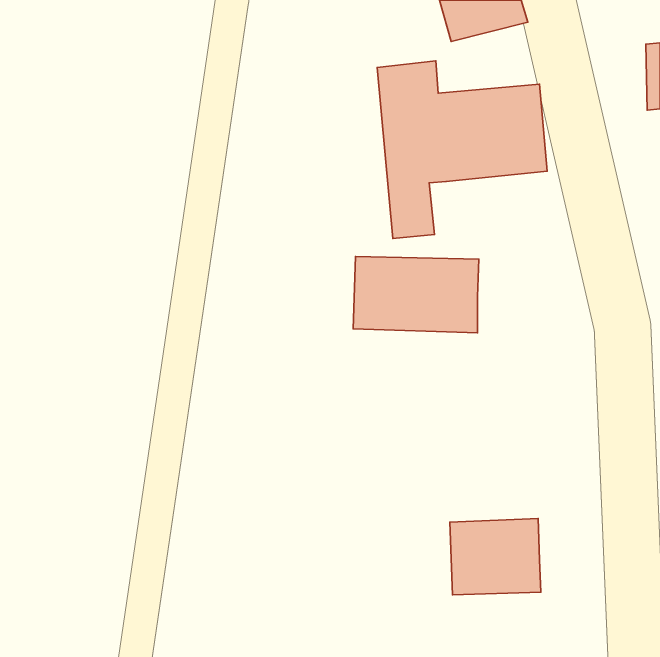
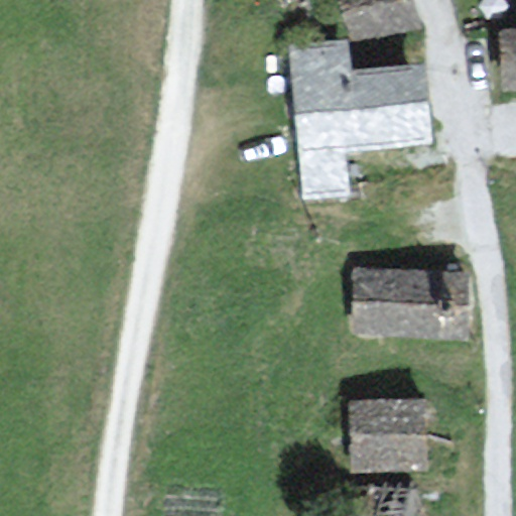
building: [353,256,479,333] -> [358,275,456,335]

